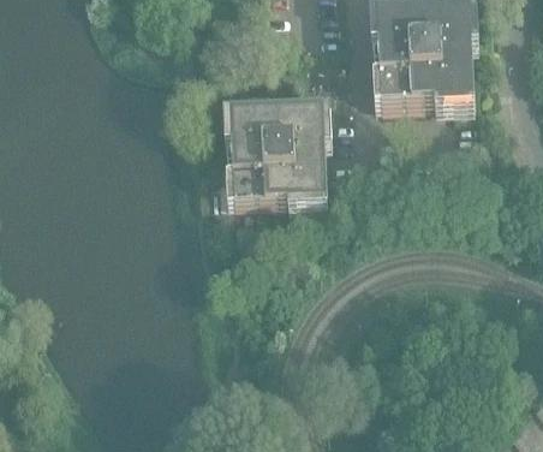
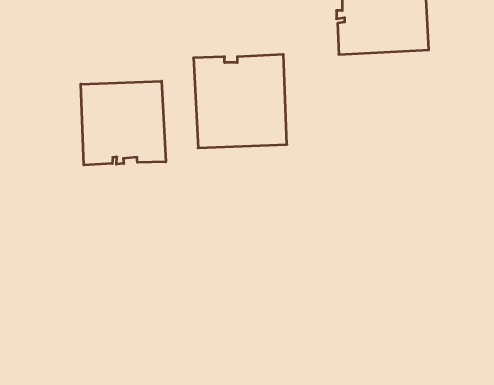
building: none -> [81,81,166,165]

